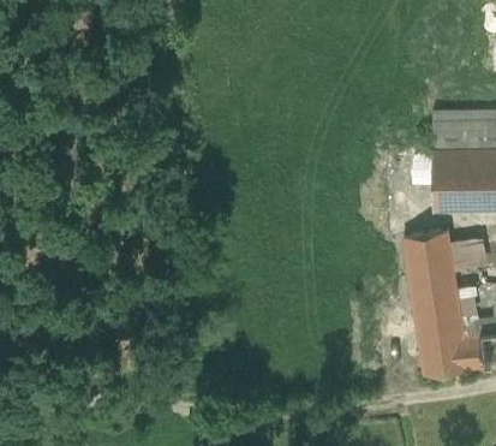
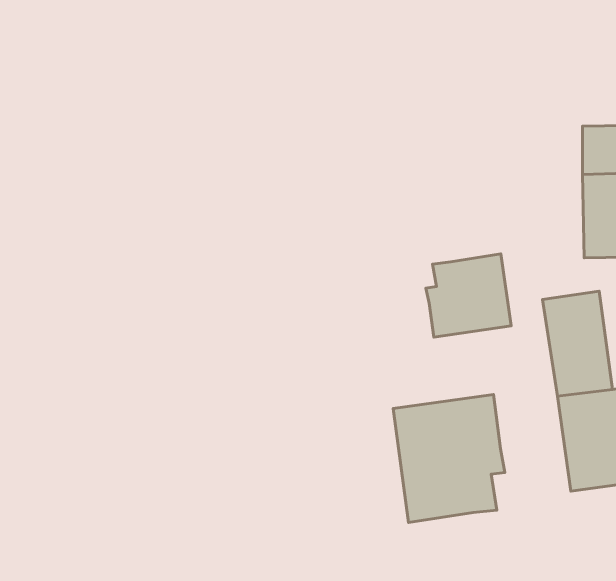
building: none -> [426,254,511,337]
building: none -> [393,395,505,523]

